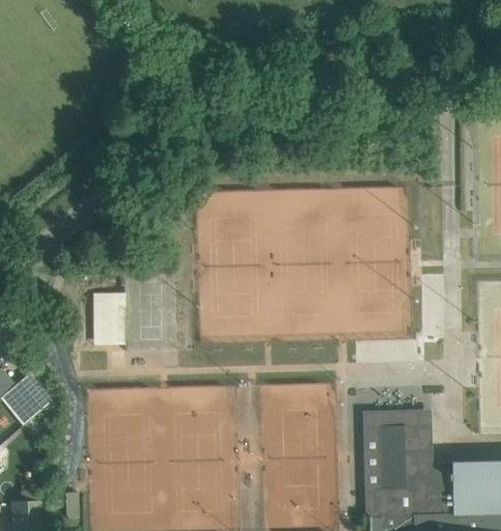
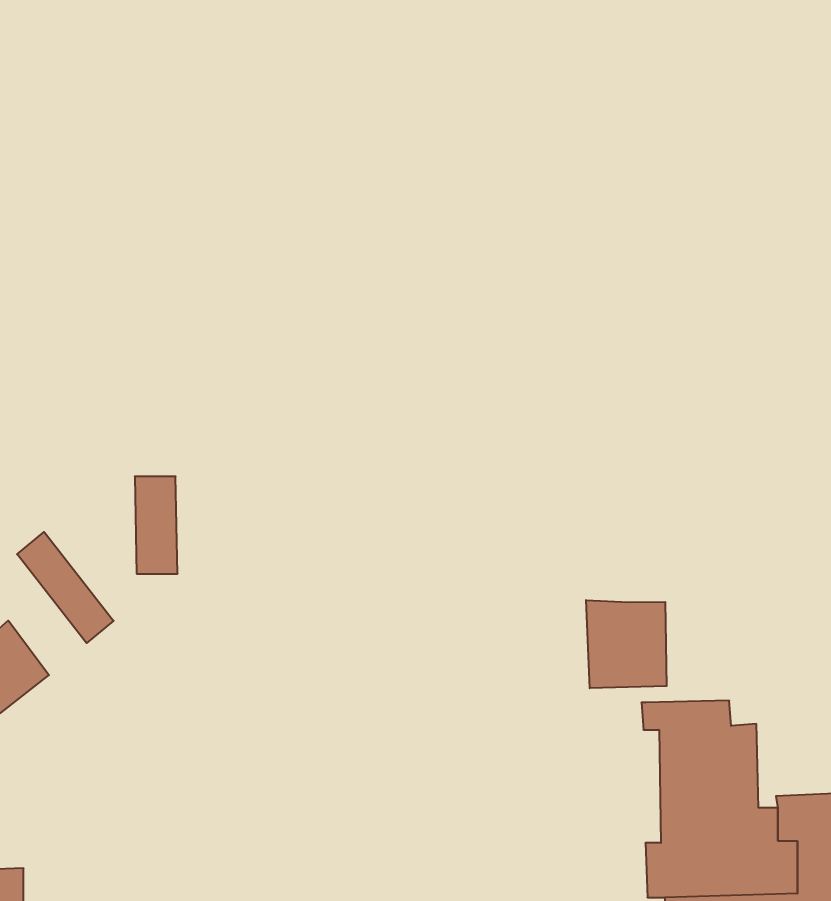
building: none -> [17,532,114,643]
building: none -> [586,600,667,688]

